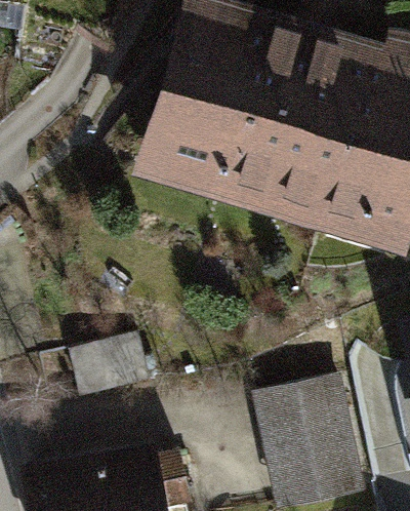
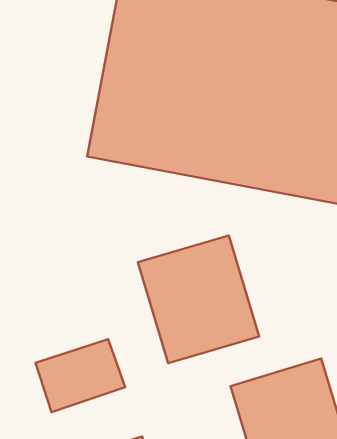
building: none -> [138,236,259,363]

